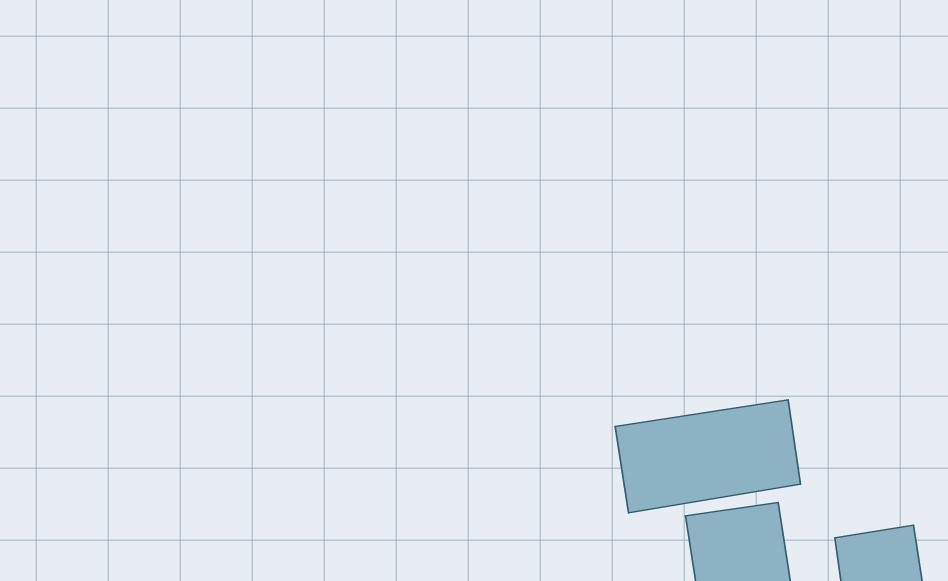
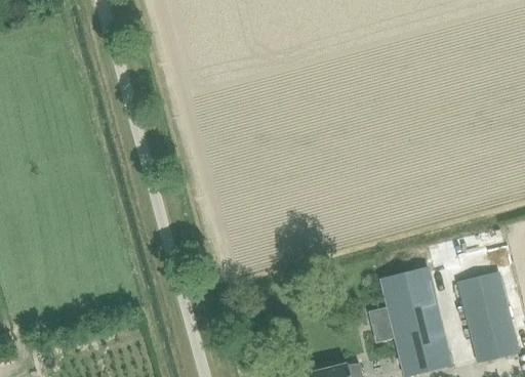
building: [615,400,801,513] -> none

